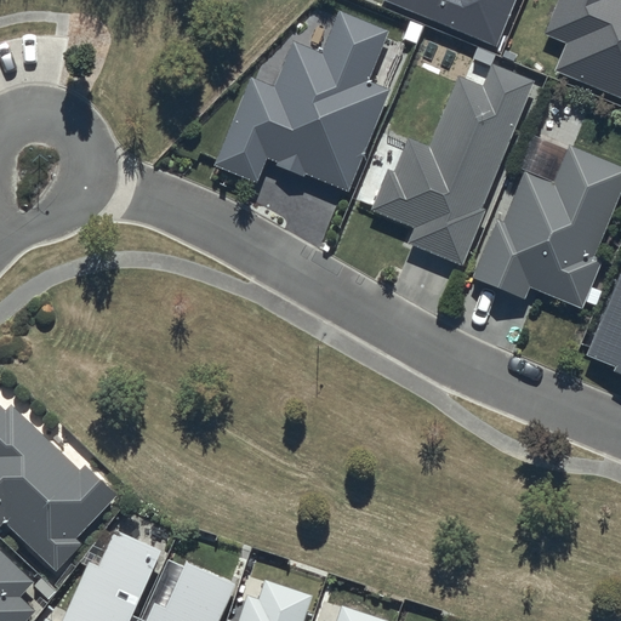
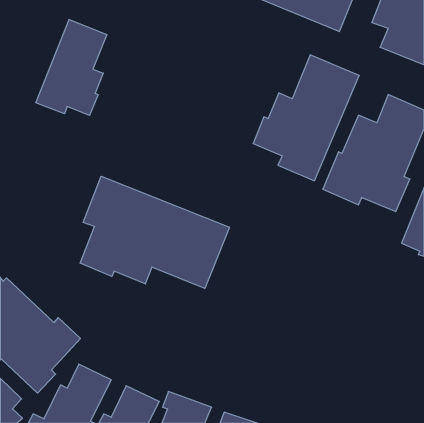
building: [212,11,388,189] -> none
building: none -> [36,19,107,115]
building: none -> [80,176,229,289]

